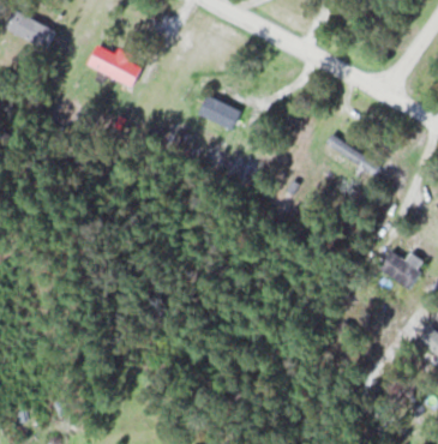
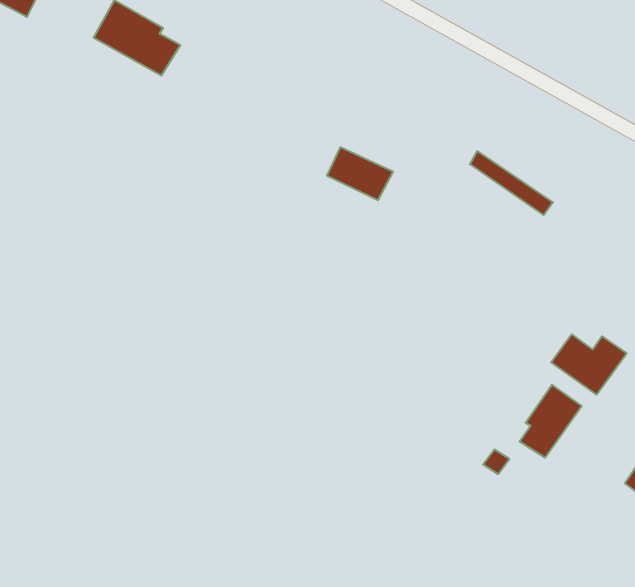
building: [198,95,240,128] -> [327,147,393,200]
building: none -> [519,385,582,458]

